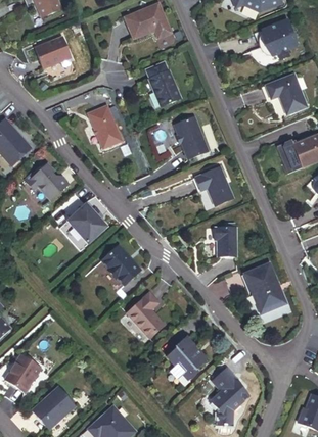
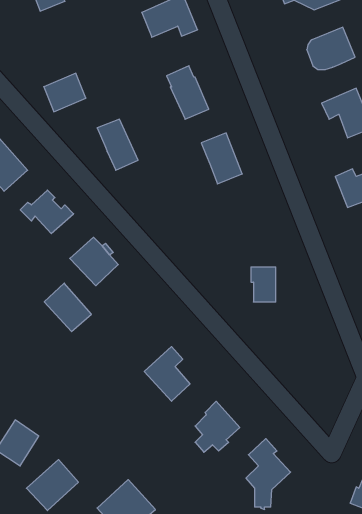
building: [34,35,69,66] -> [44,73,86,112]
building: [194,165,232,203] -> none
building: [100,243,139,283] -> [44,283,91,332]
building: [243,262,285,312] -> none

